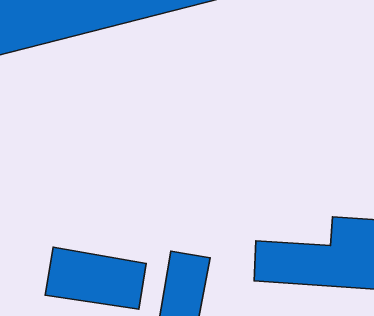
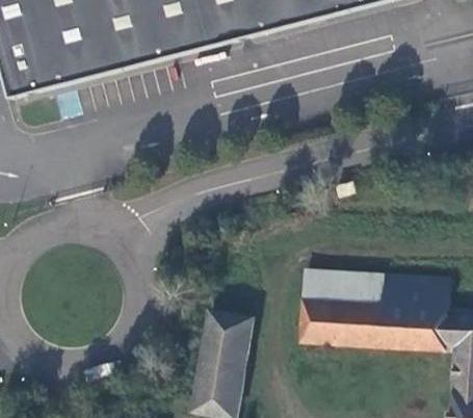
building: none -> [303,266,386,303]
building: [45,247,146,309] -> none

